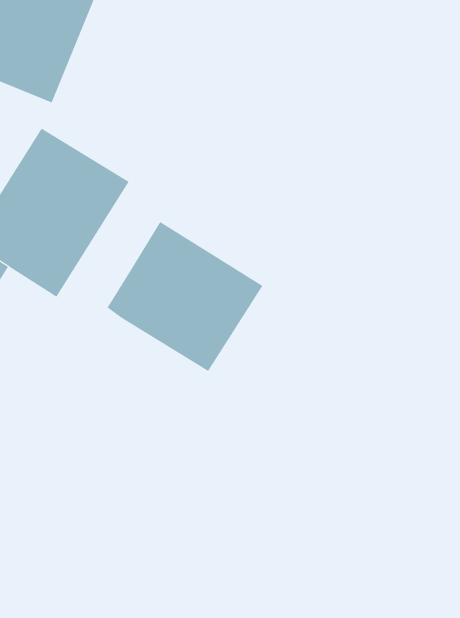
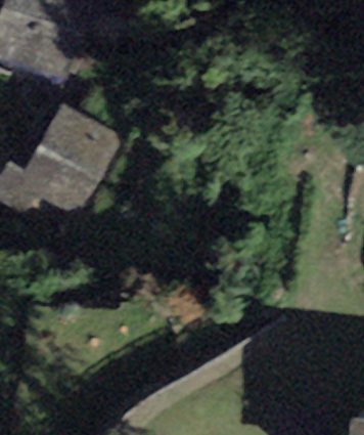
building: [107,221,263,372] -> none

